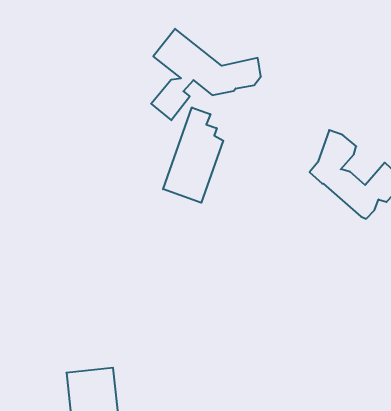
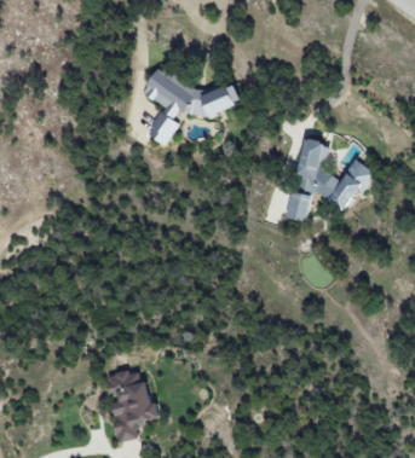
building: [163,107,223,203] -> none
building: none -> [286,190,311,221]

